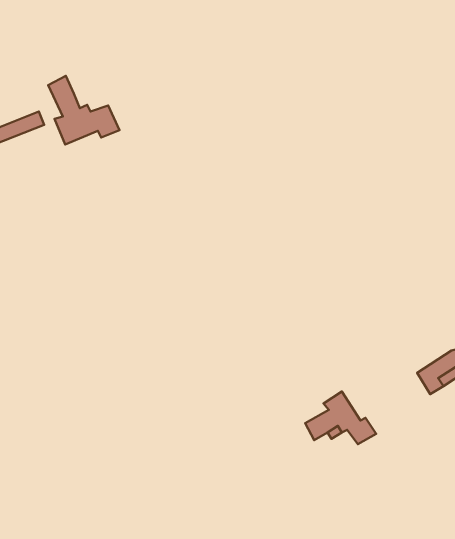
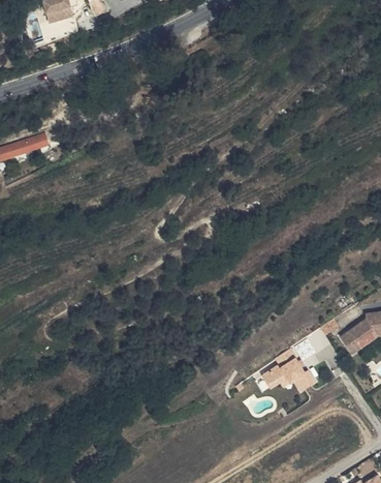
building: [48,76,119,145] -> none

